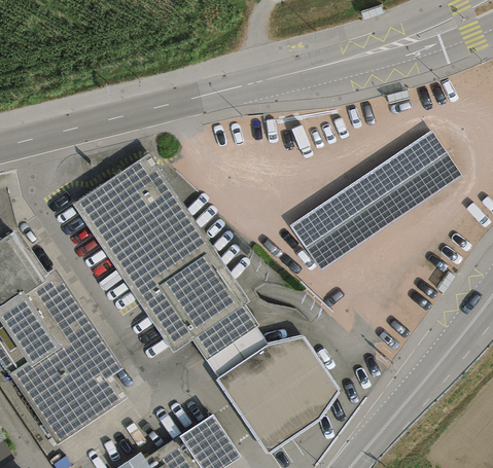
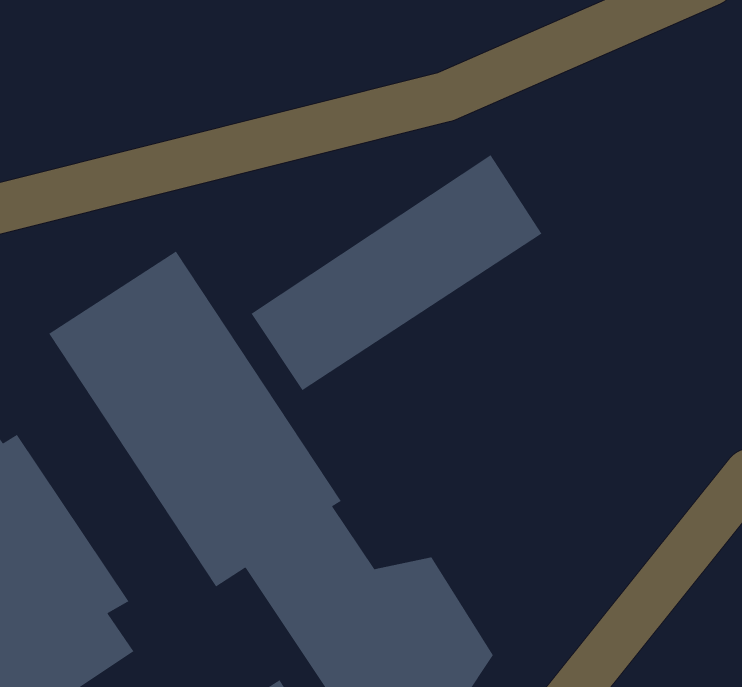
building: [286,131,460,272] -> [250,154,543,391]

